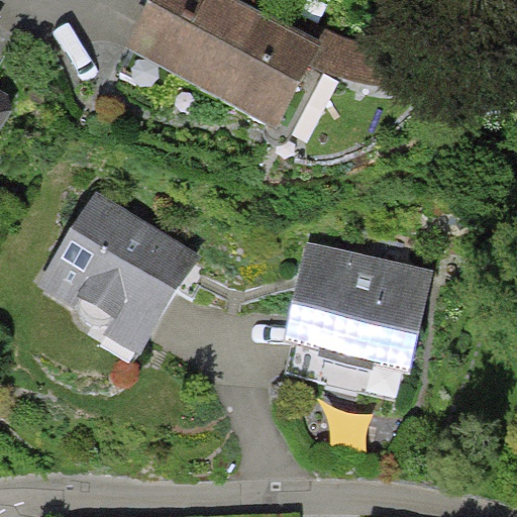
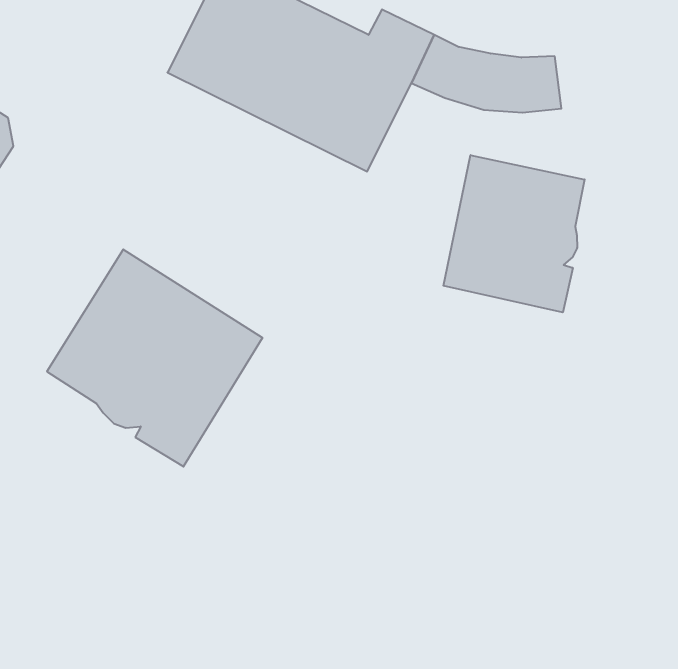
building: none -> [443,155,585,312]
building: [283,242,432,392] -> none

